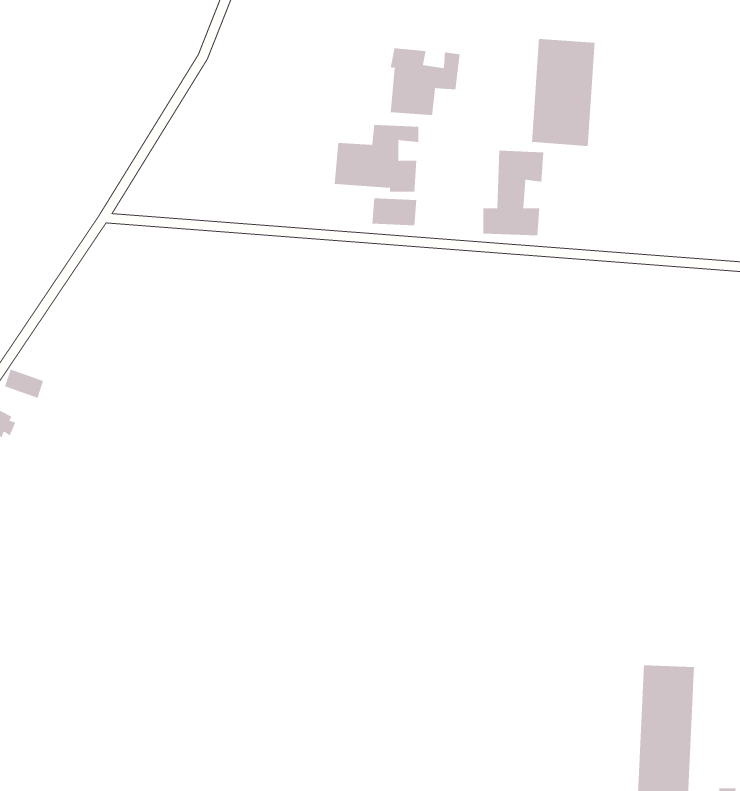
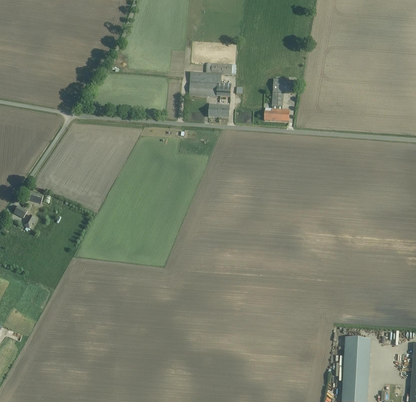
building: [531,38,595,147] -> none
building: [390,47,460,116] -> none

